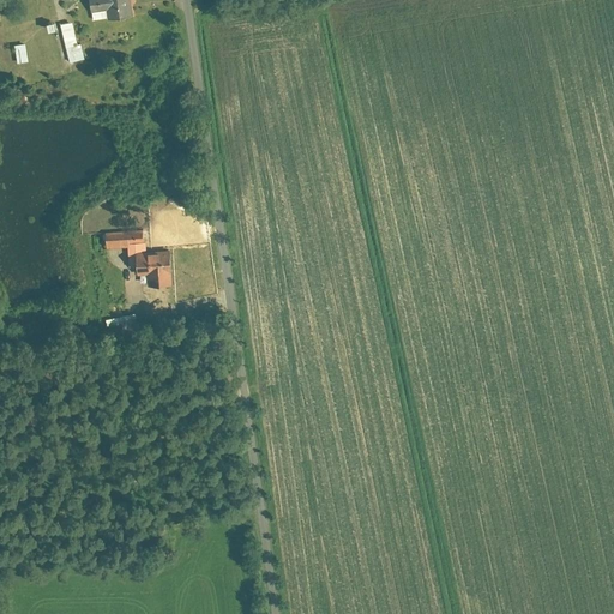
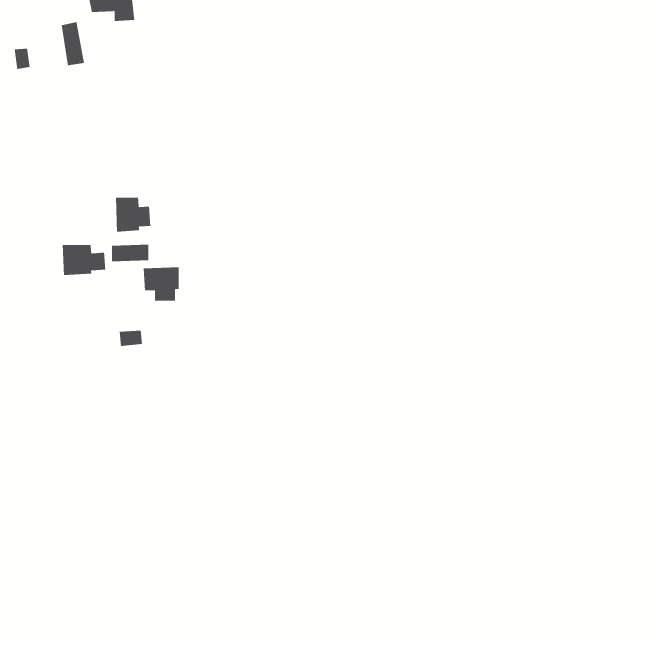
building: none -> [115,197,151,232]
building: none -> [62,244,106,276]

